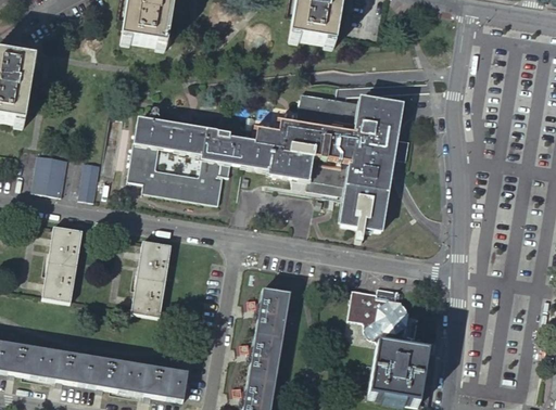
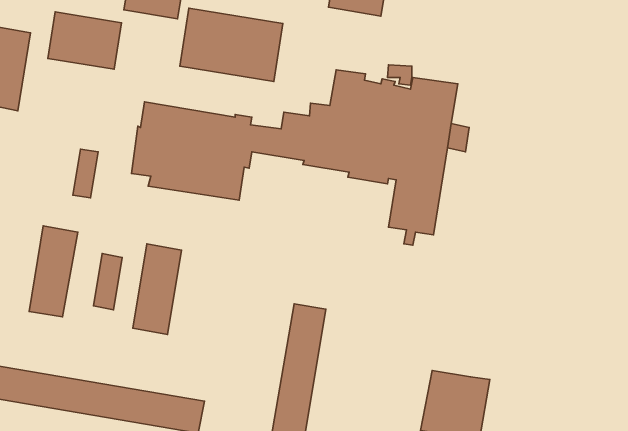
building: none -> [180,8,283,81]
building: none -> [48,12,122,69]
building: [28,152,64,195] -> none
building: none -> [94,254,122,310]
building: [350,289,421,353] -> none

